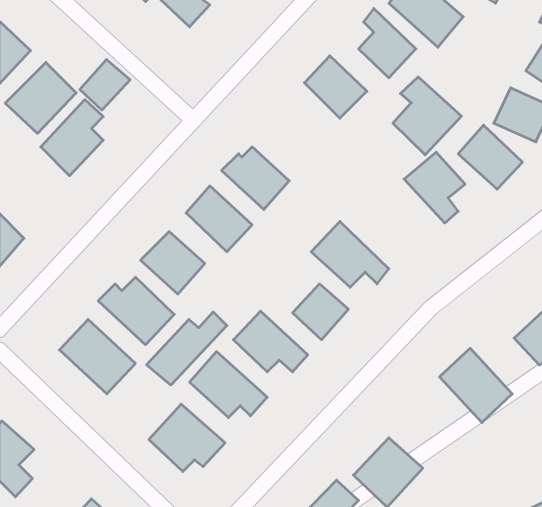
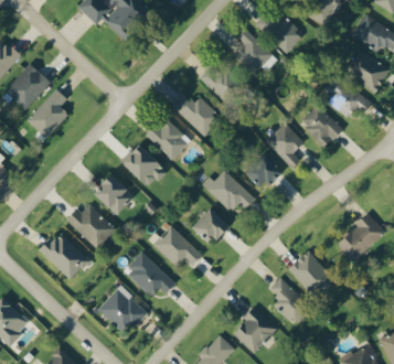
building: [80,59,130,110] -> none
building: [393,77,461,155] -> none
building: none -> [172,95,220,135]
building: none -> [246,153,284,185]
building: [147,312,227,385] -> none
building: none -> [269,278,312,325]

